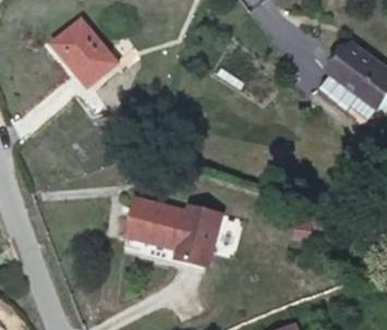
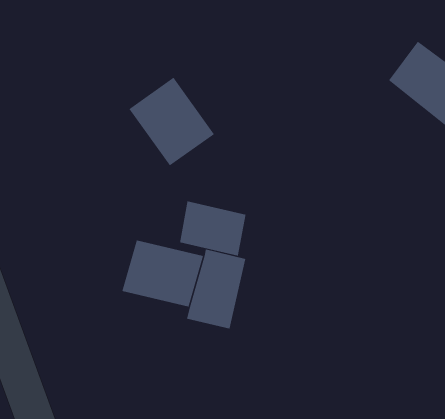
building: [48,20,112,86] -> [128,77,215,166]
building: none -> [179,201,246,256]

